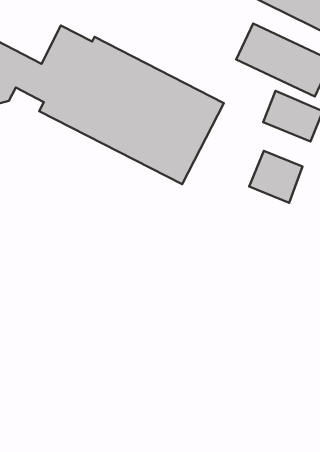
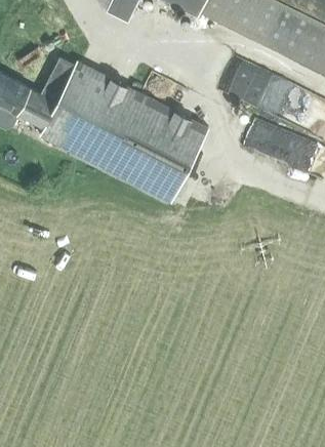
building: [249,151,302,203] -> none

